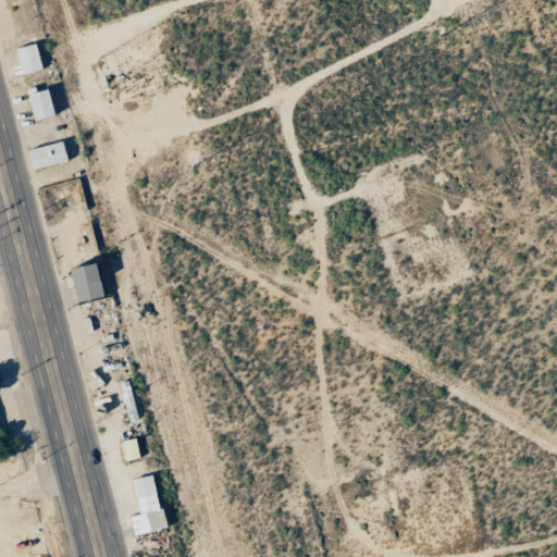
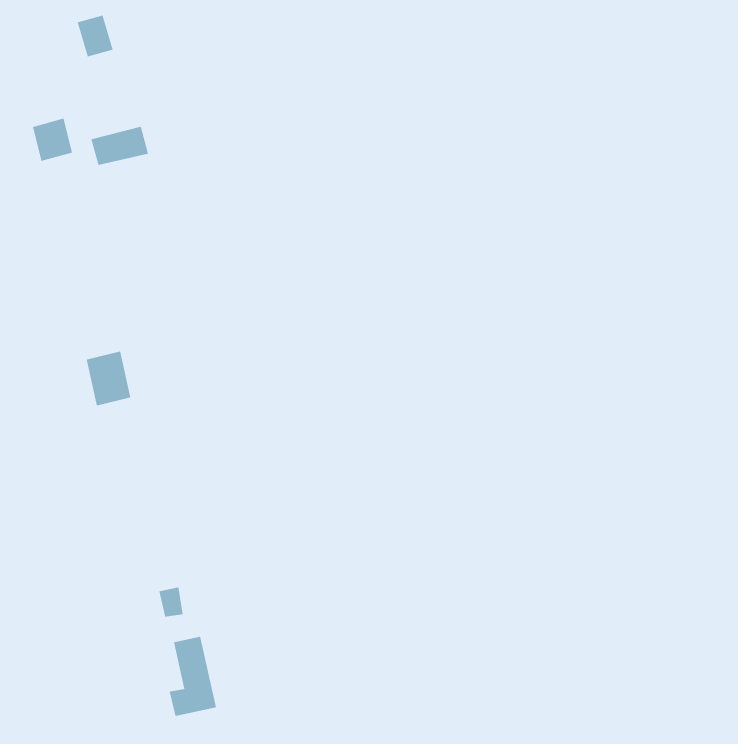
building: [16,44,44,75] -> [77,15,113,57]
building: [28,140,72,170] -> [91,126,149,165]

